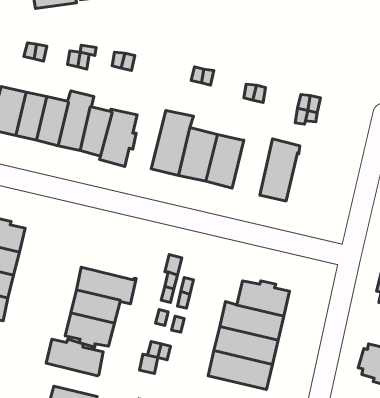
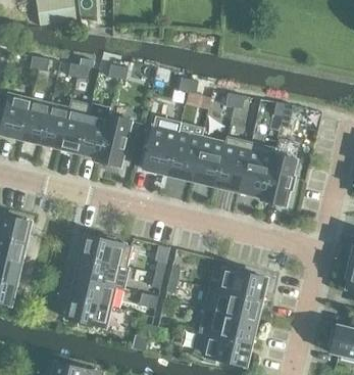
building: none -> [215,136,251,192]
building: none -> [261,154,296,205]
building: [46,339,103,376] -> [81,235,132,268]

